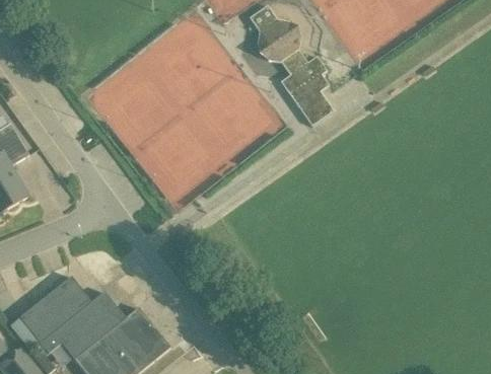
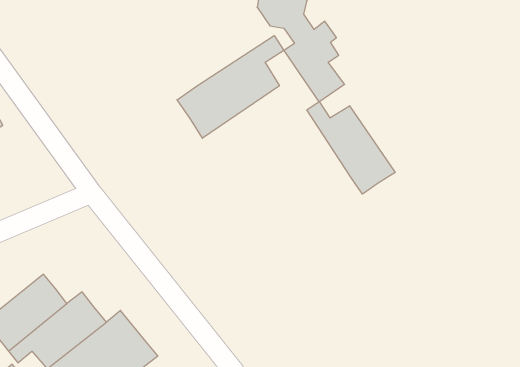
building: none -> [177,36,284,138]
building: none -> [307,101,395,194]

